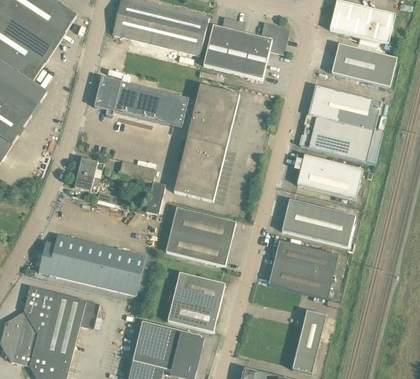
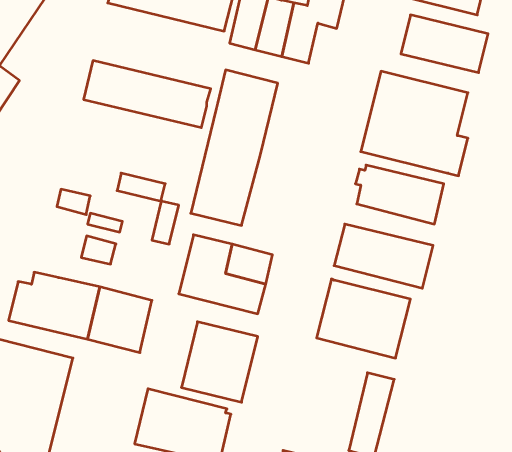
building: [77,157,103,178] -> [81,236,116,264]

